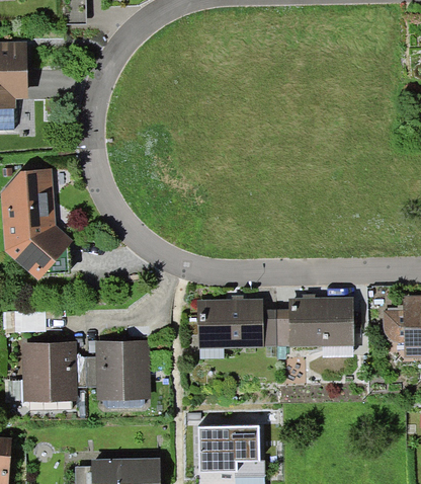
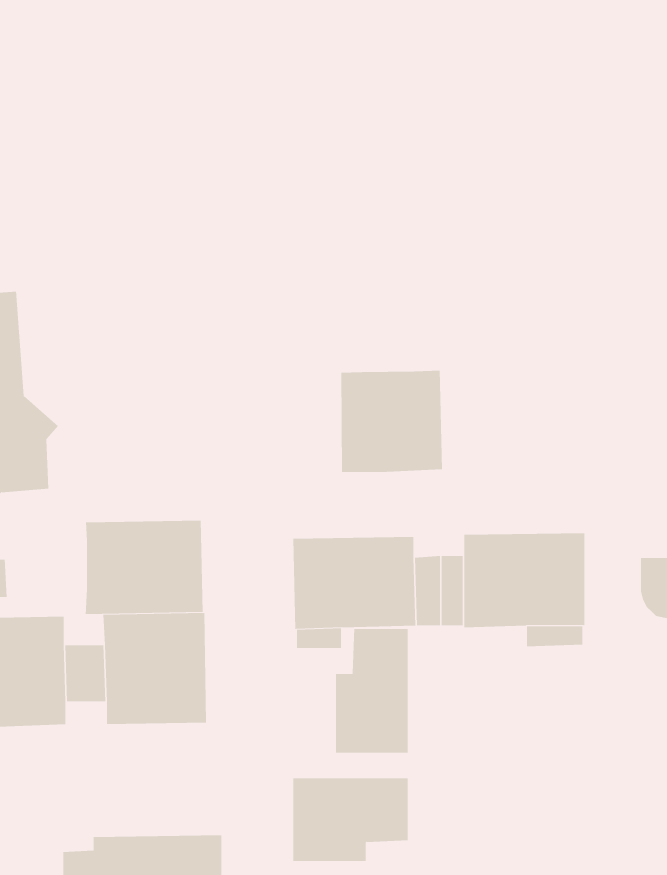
building: none -> [341,370,443,473]
building: none -> [85,520,203,615]
building: none -> [336,628,408,753]

